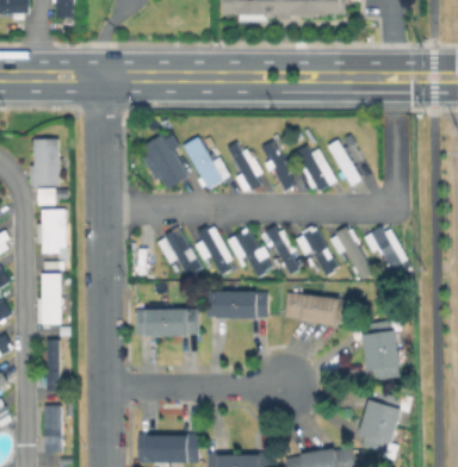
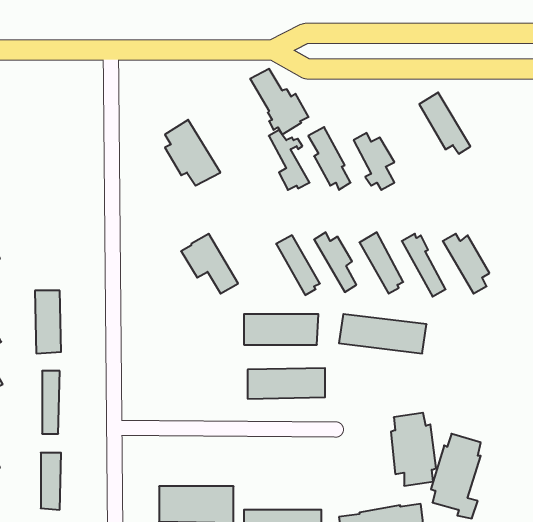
building: [182,136,230,189] -> [250,69,309,134]
building: [26,138,56,186] -> none
building: [323,139,365,189] -> [419,92,470,154]
building: [38,208,63,251] -> none
building: [197,225,230,274] -> none
building: [136,309,199,334] -> [248,368,325,399]
building: [364,319,401,379] -> [391,413,436,486]

